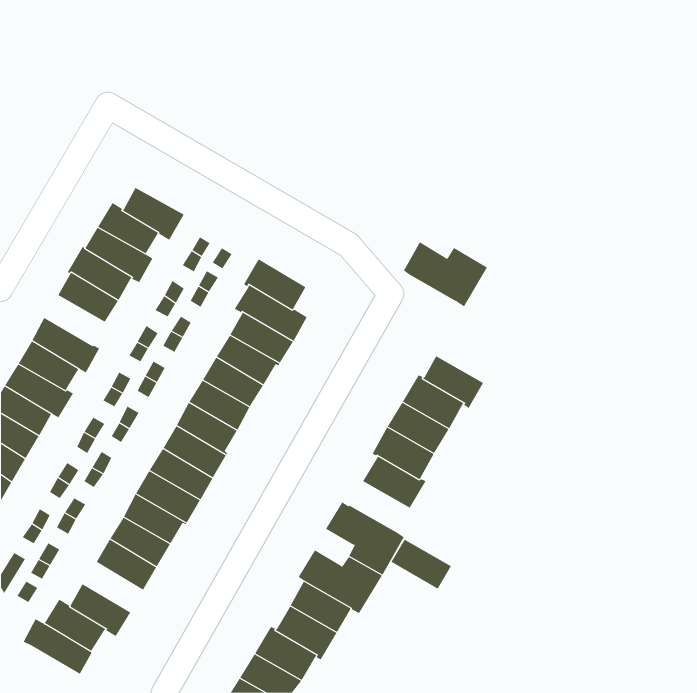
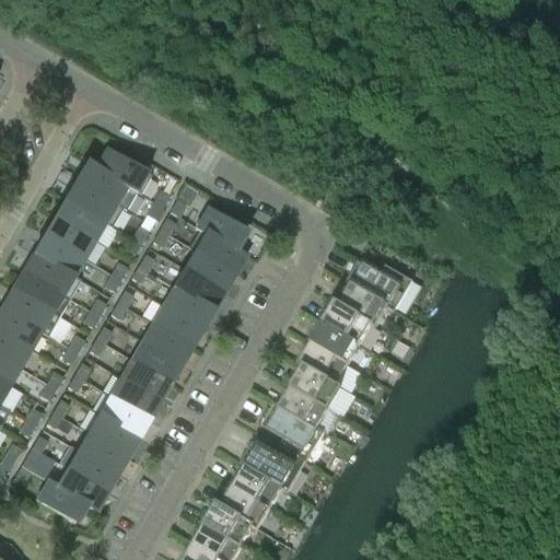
building: [403,242,488,307] -> [346,258,413,311]
building: none -> [36,236,85,277]
building: [390,539,452,589] -> [280,385,329,425]
building: [23,618,93,674] -> [60,445,116,490]

